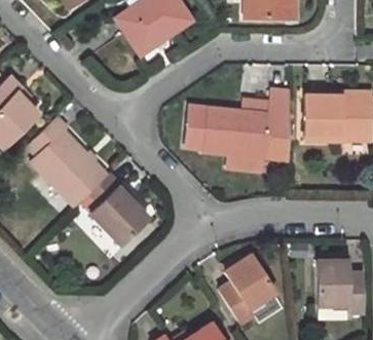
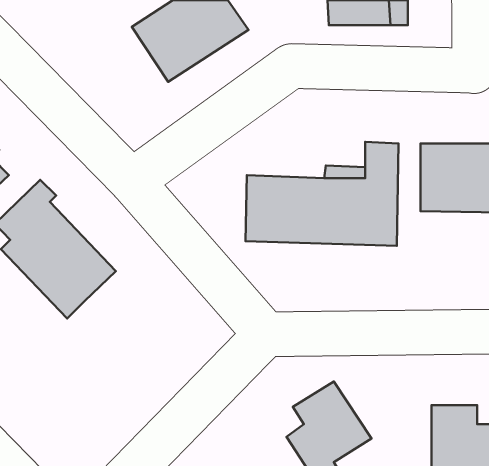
building: [86,176,147,244] -> none

